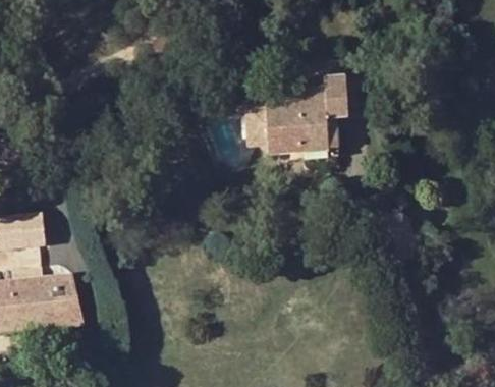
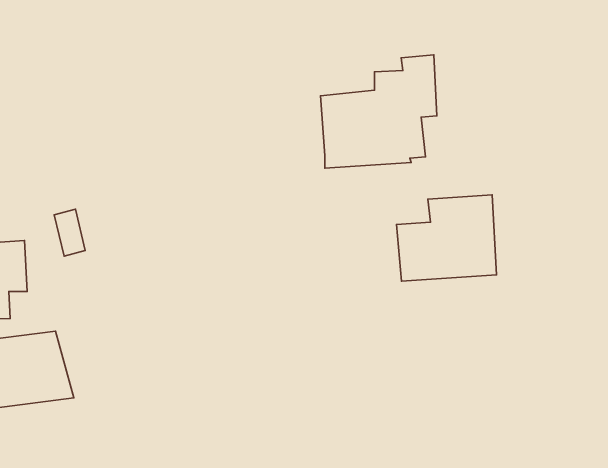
building: [239,104,264,148] -> none
building: none -> [396,195,497,281]

